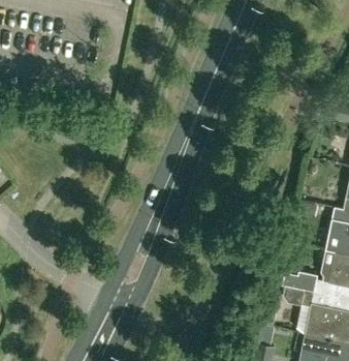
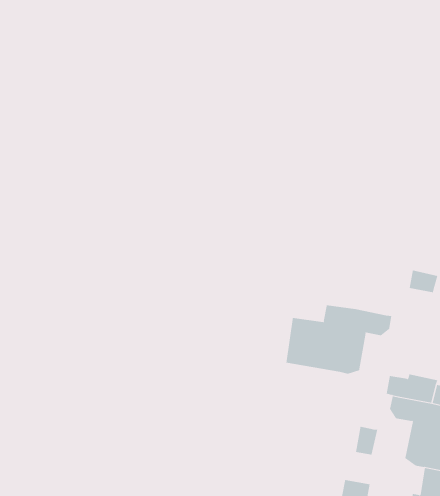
building: none -> [286,305,392,374]

